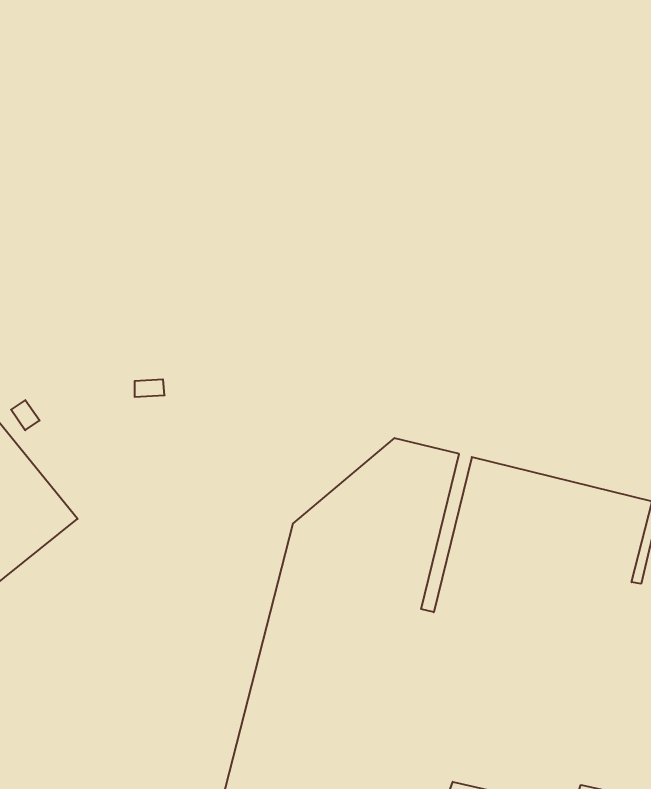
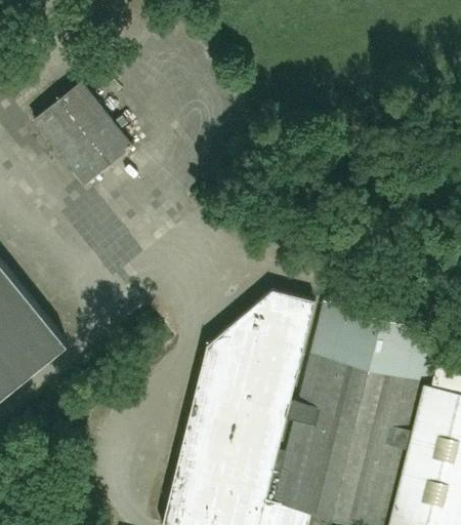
building: none -> [35,86,133,189]

